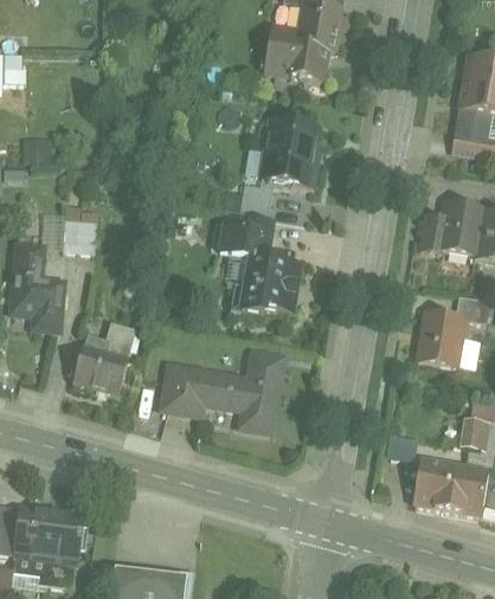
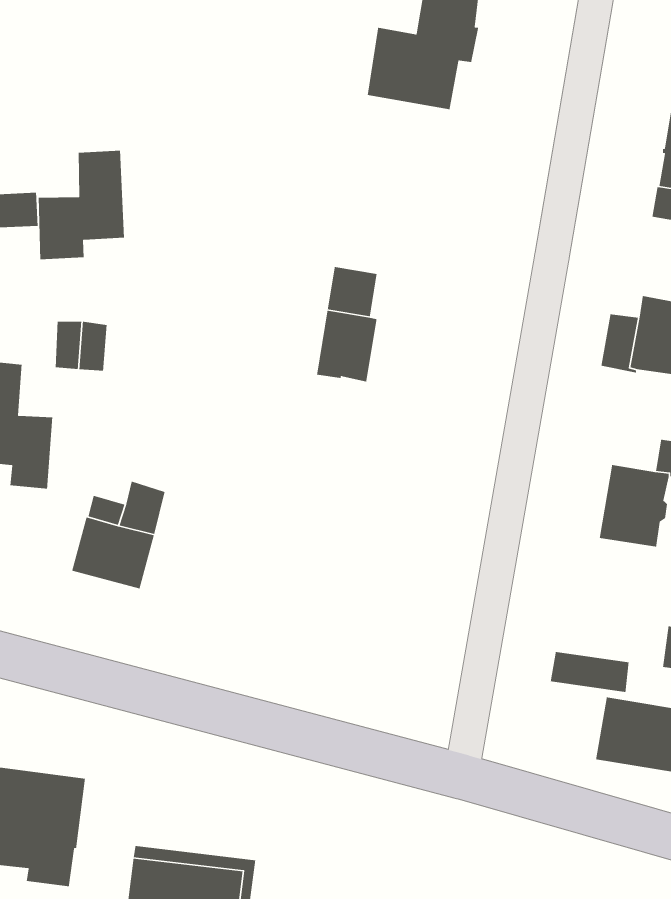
building: none -> [38,150,125,260]
building: [261,120,316,186] -> none
building: [231,256,298,315] -> none
building: [162,353,282,431] -> none

